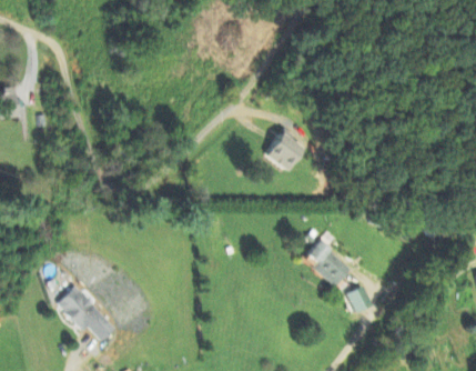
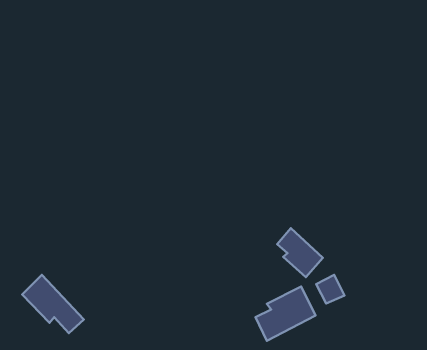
building: [266,128,302,169] -> none
building: none -> [256,287,315,341]

